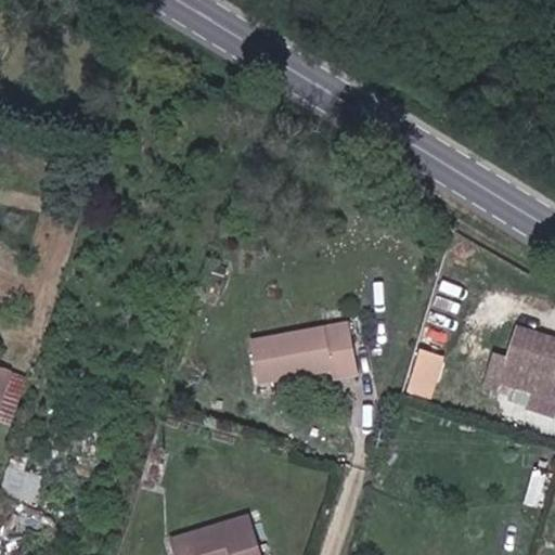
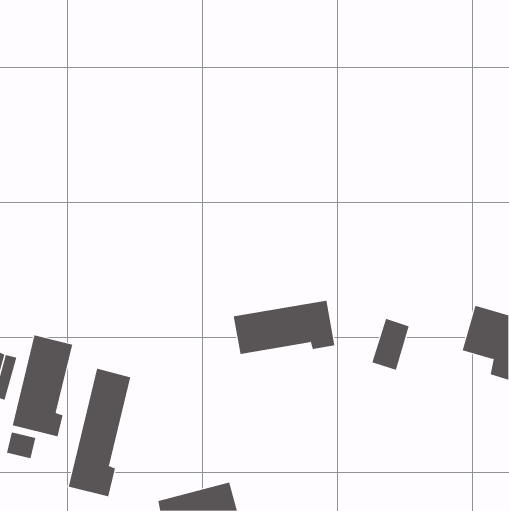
building: none -> [12,334,73,437]
building: none -> [68,368,131,497]

